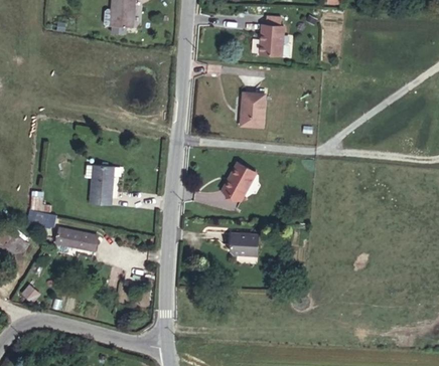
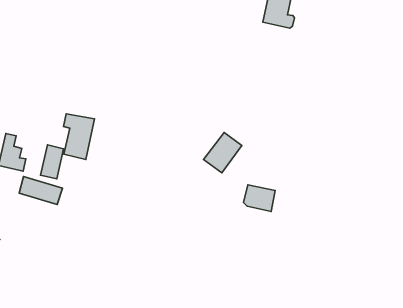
building: [241,93,264,127] -> none
building: none -> [40,145,64,179]
building: [230,233,258,255] -> [243,185,275,211]

